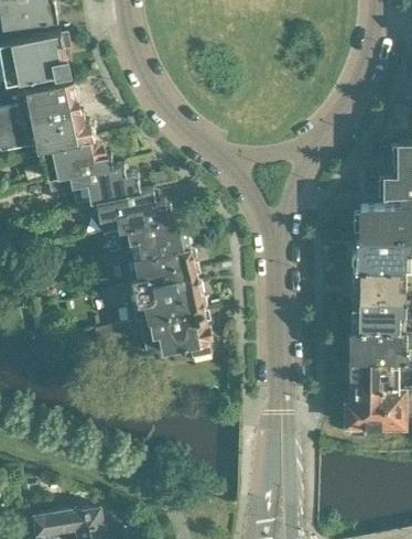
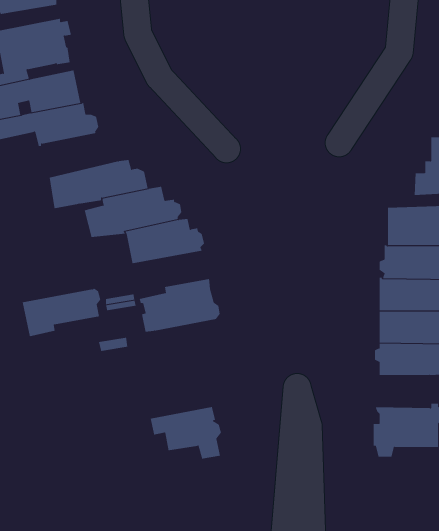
building: [41,141,110,182] -> none
building: [123,248,196,293] -> [22,288,101,337]
building: [144,312,210,360] -> [150,407,222,459]
building: [346,364,398,394] -> none

